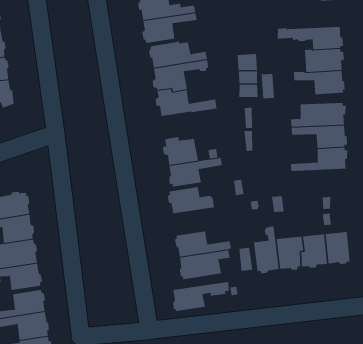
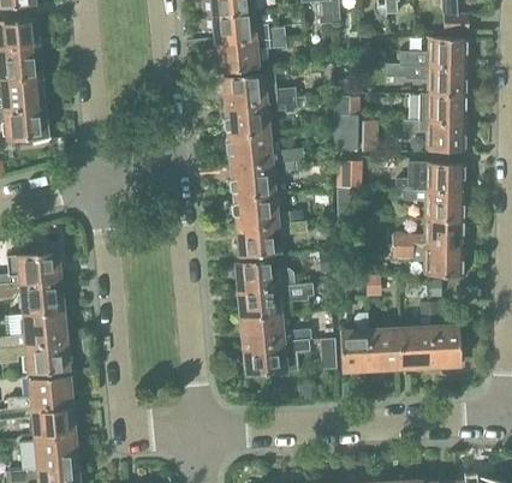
building: none -> [399,38,470,67]
building: none -> [228,163,273,198]
building: none -> [392,246,465,276]
building: [172,282,230,312] -> [238,285,311,318]

